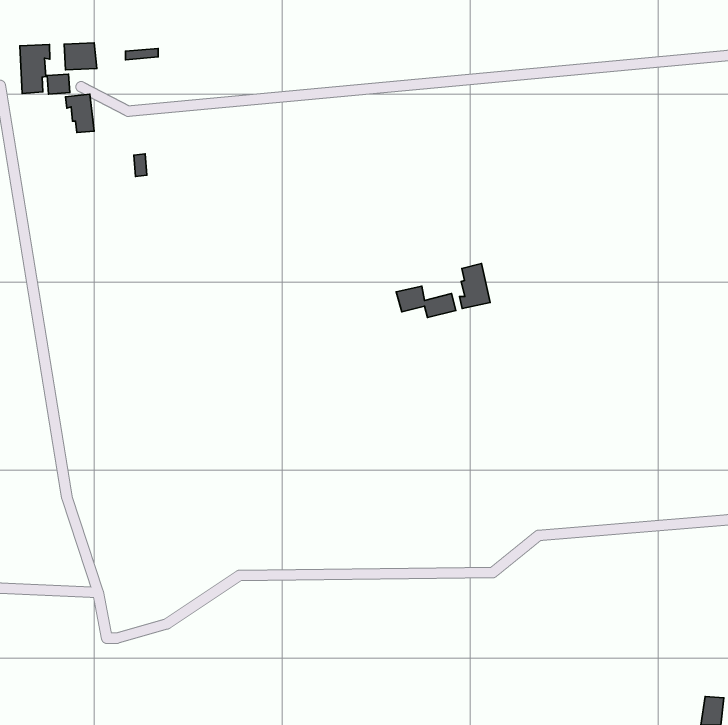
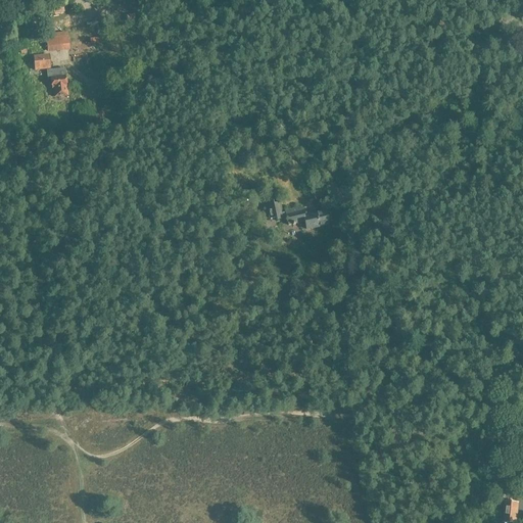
building: [20,45,50,94] -> none
building: [459,264,490,309] -> none

